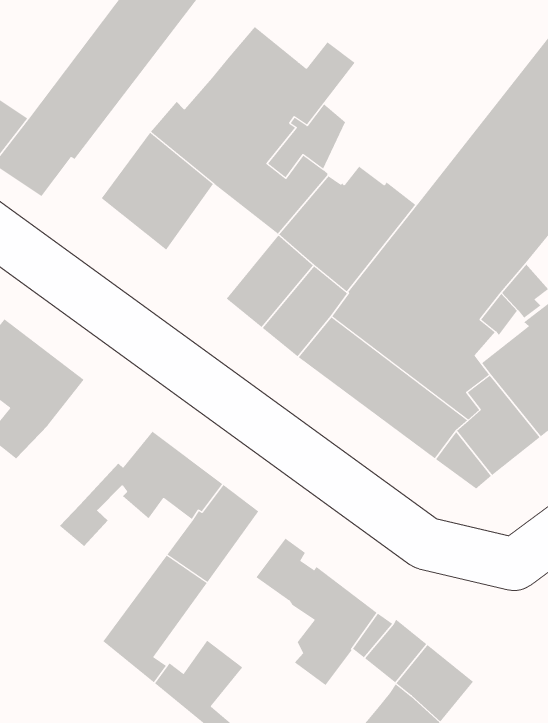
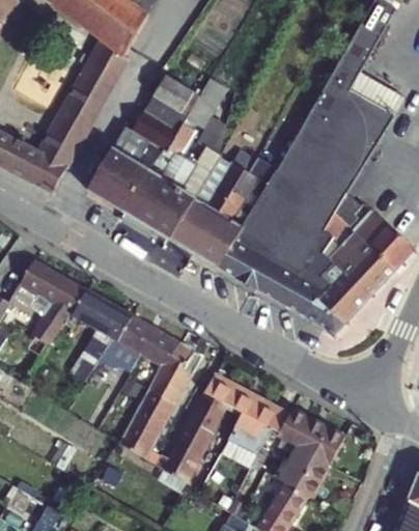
building: none -> [130,169,195,236]
building: none -> [74,297,136,371]
building: none -> [186,400,231,455]

